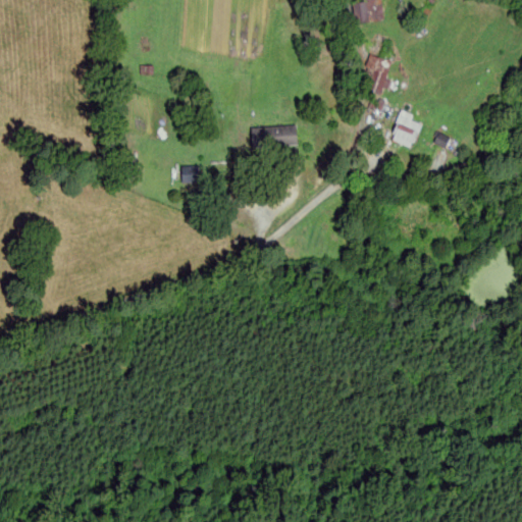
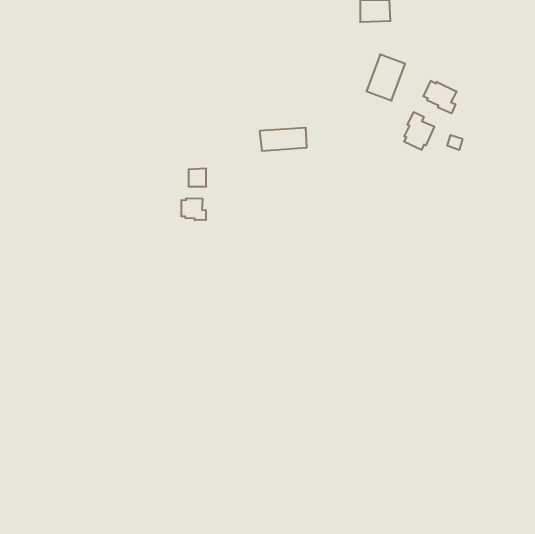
building: none -> [423,81,457,113]
building: none -> [182,198,206,220]

